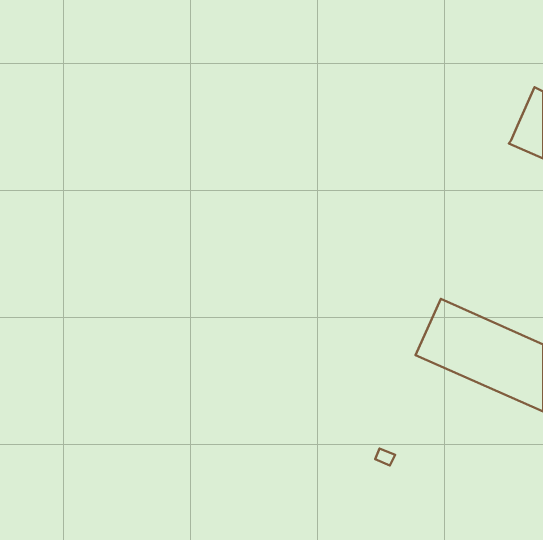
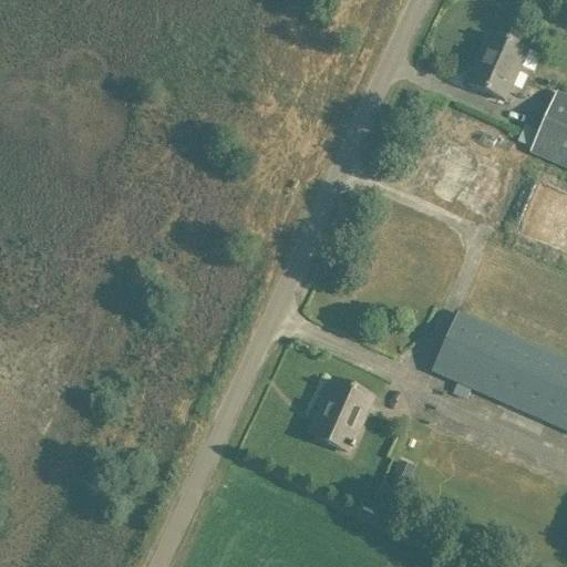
building: none -> [466,31,527,99]
building: none -> [309,379,373,451]

